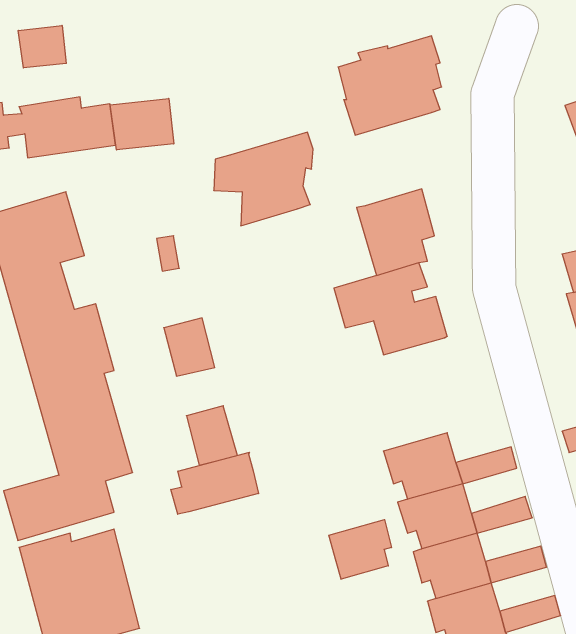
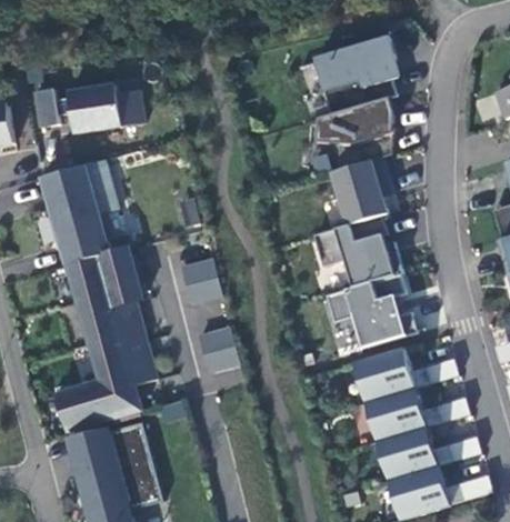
building: [18,25,66,68] -> none
building: [110,98,174,150] -> none
building: [214,132,313,226] -> [317,97,394,170]
building: none -> [326,273,417,347]
building: [171,452,259,514] -> none
building: [329,520,391,579] -> none

